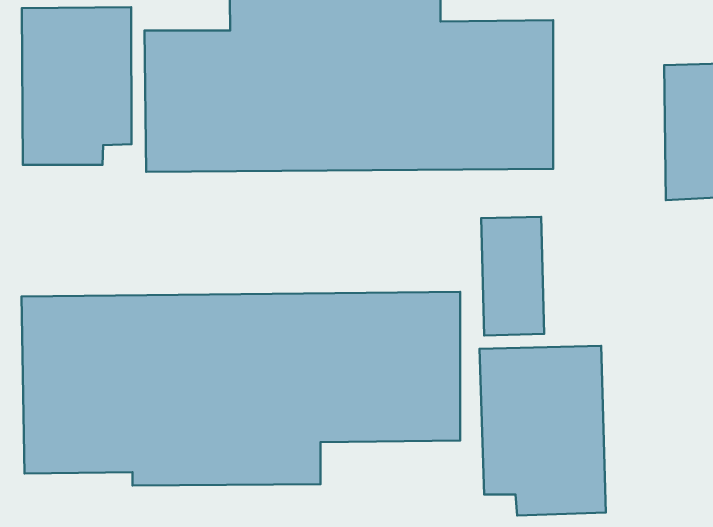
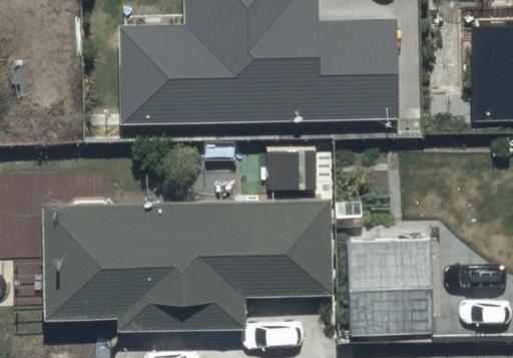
building: [22,7,132,165] -> none

